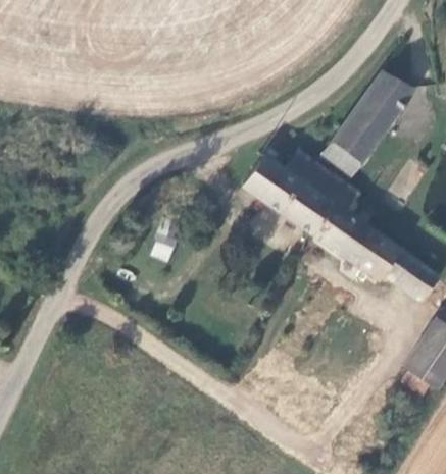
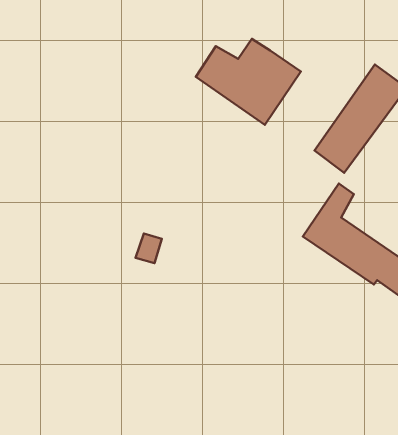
building: [246,153,347,235] -> [196,39,301,125]

